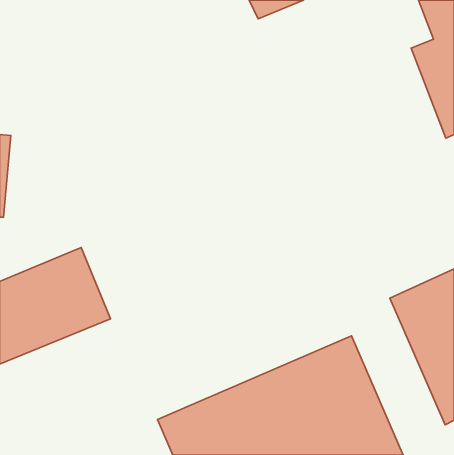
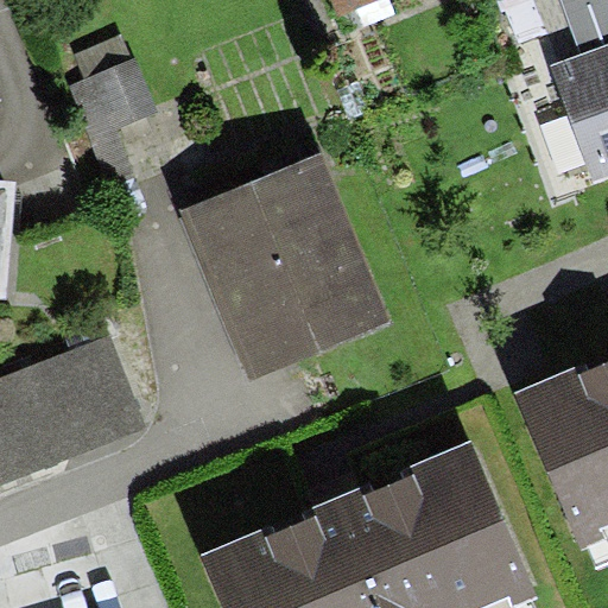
building: none -> [70,38,156,186]
building: none -> [179,154,390,386]

